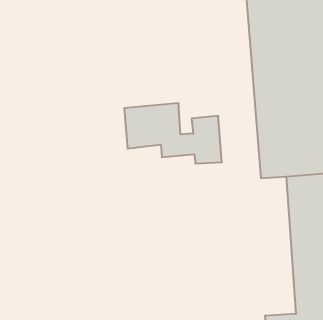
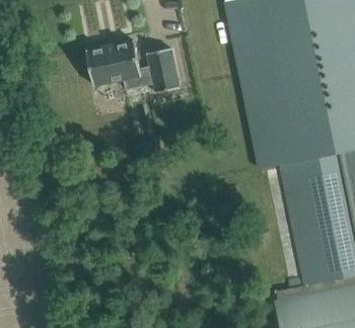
building: [124,103,222,164] -> [87,40,180,92]

